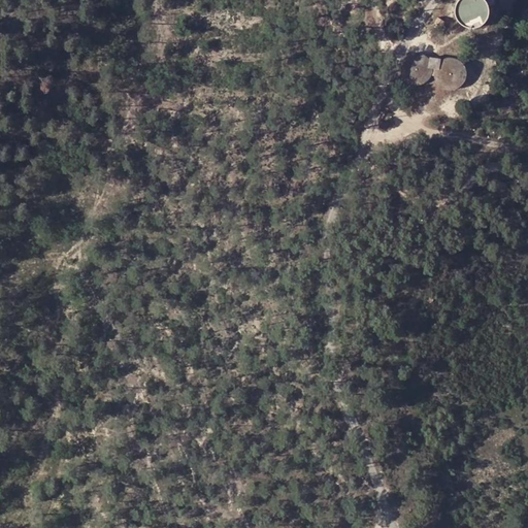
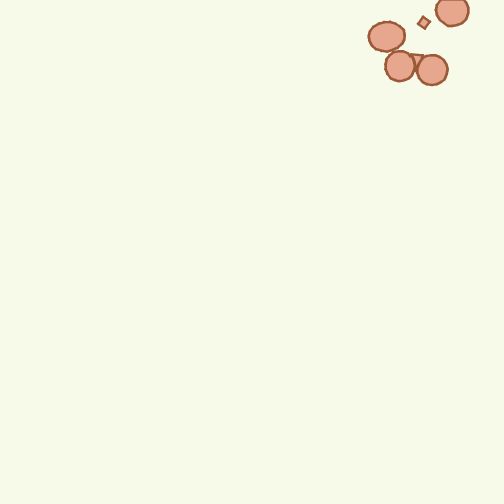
building: none -> [369,22,404,52]

